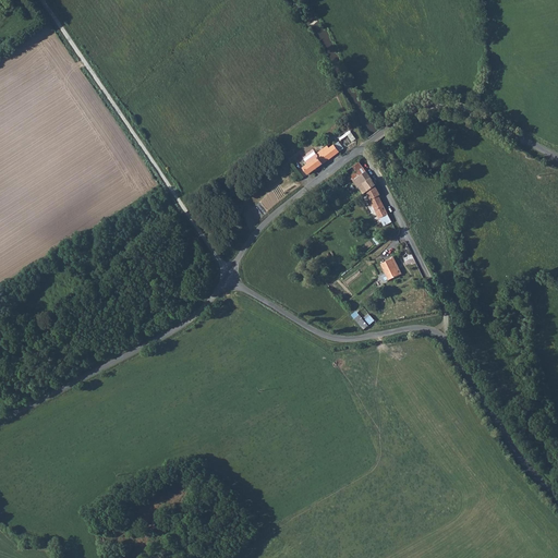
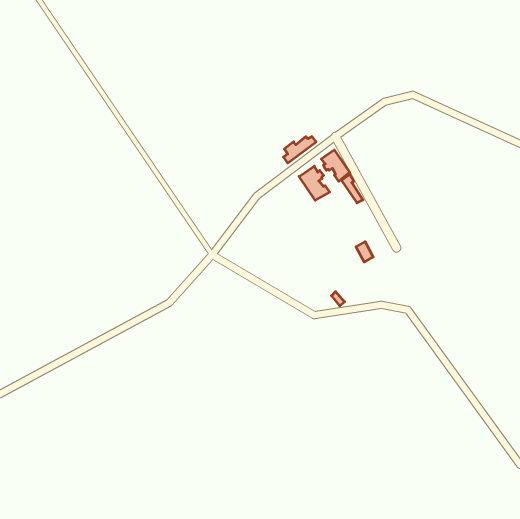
building: none -> [299,166,330,200]

